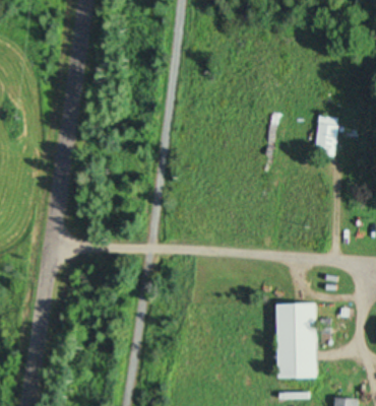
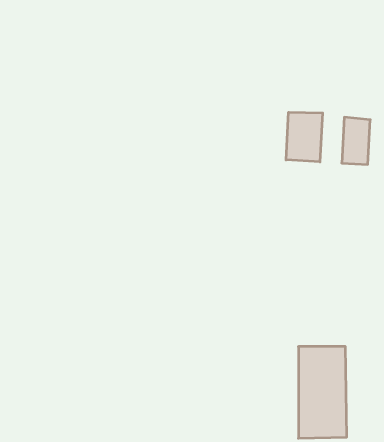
building: none -> [286,112,323,162]

